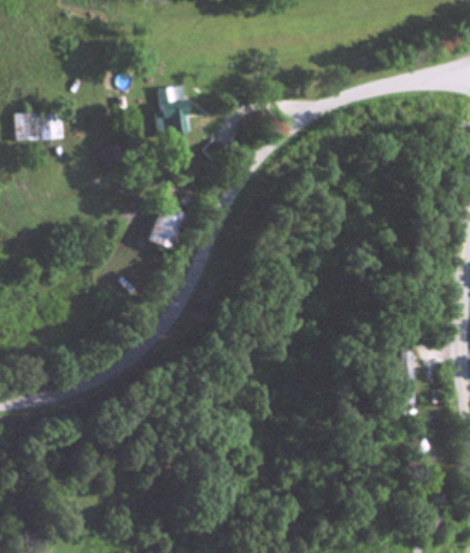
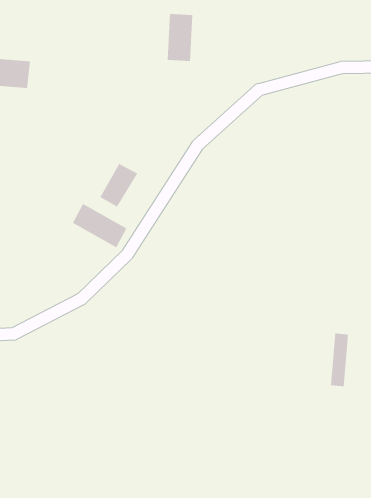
building: [160,86,187,134] -> [167,14,193,62]
building: none -> [72,203,127,248]

